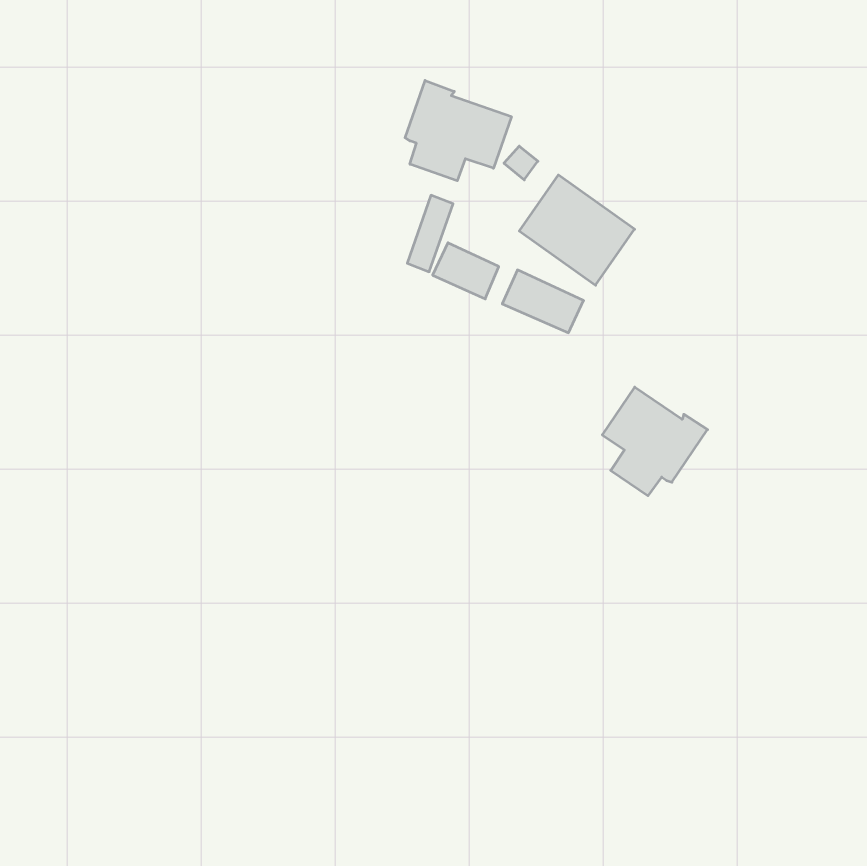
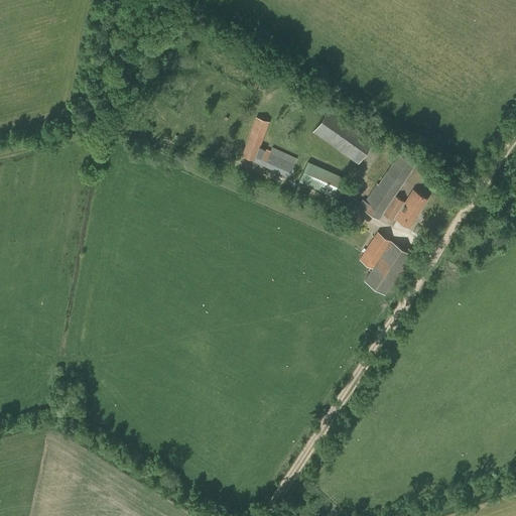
building: [405,80,511,181] -> none
building: none -> [361,151,428,228]

